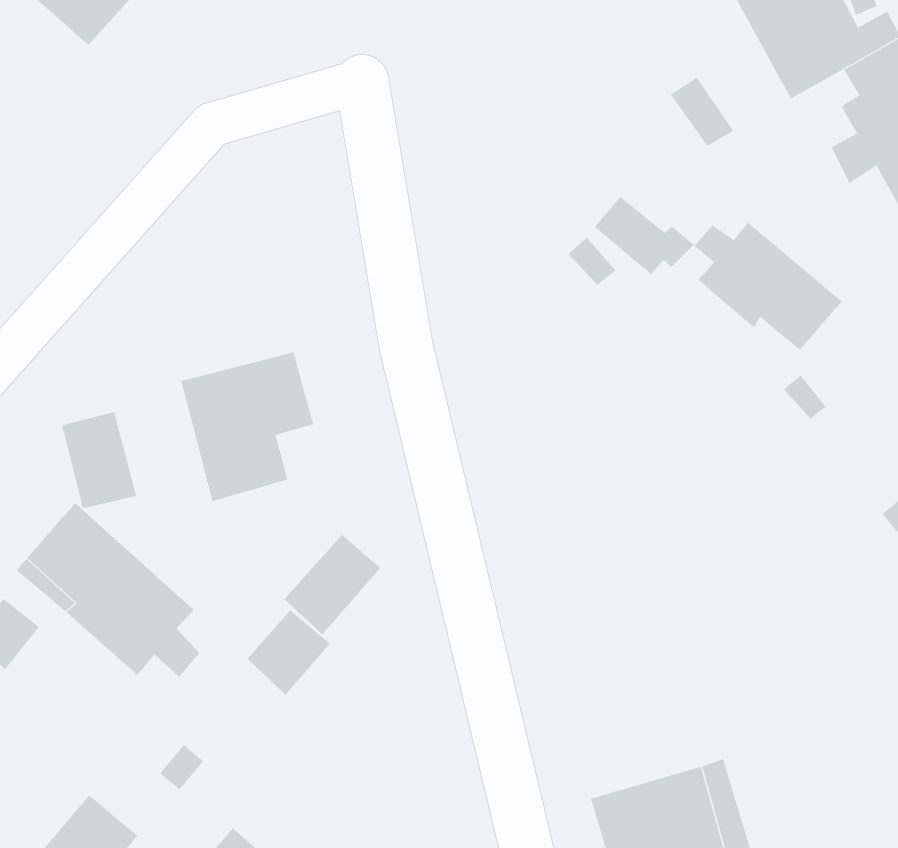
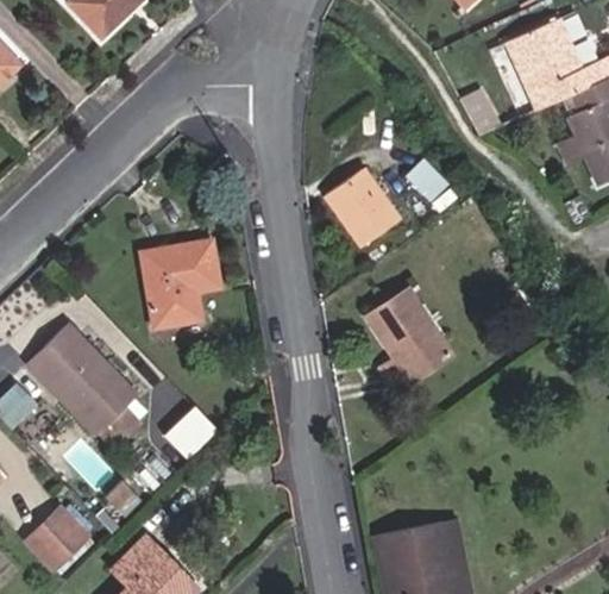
building: none -> [324,167,401,248]
building: [693,222,843,351] -> none
building: none -> [364,287,453,392]
building: [62,411,137,509] -> none
building: [283,534,381,635] -> none

